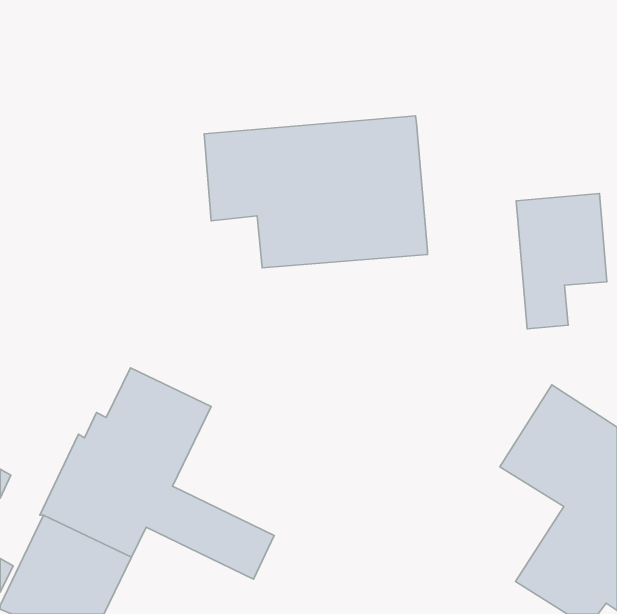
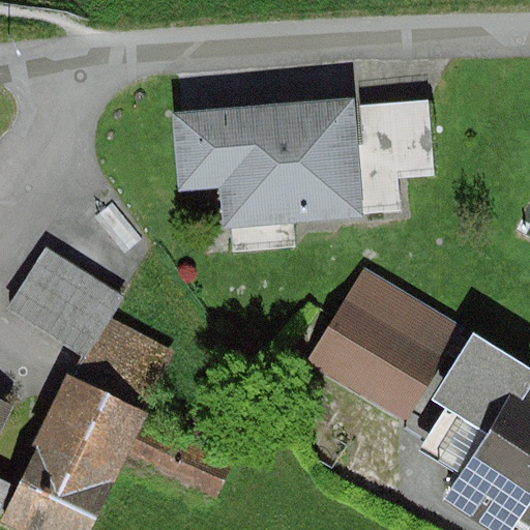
building: [516,194,607,329] -> [357,99,435,215]
building: none -> [6,247,123,358]
building: none -> [306,267,462,420]

